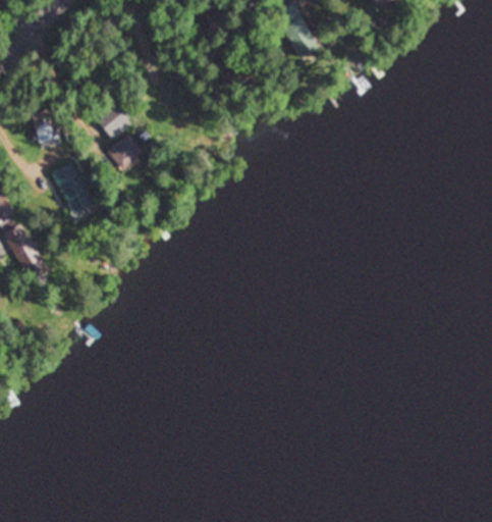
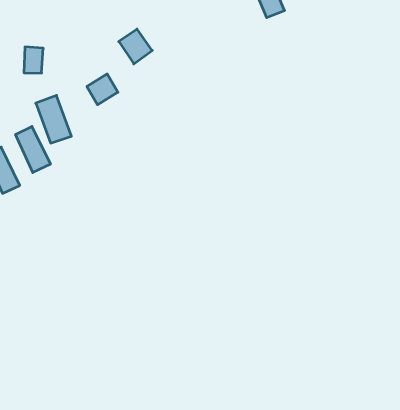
building: [97,104,134,143] -> [119,29,152,64]
building: none -> [16,126,50,173]

